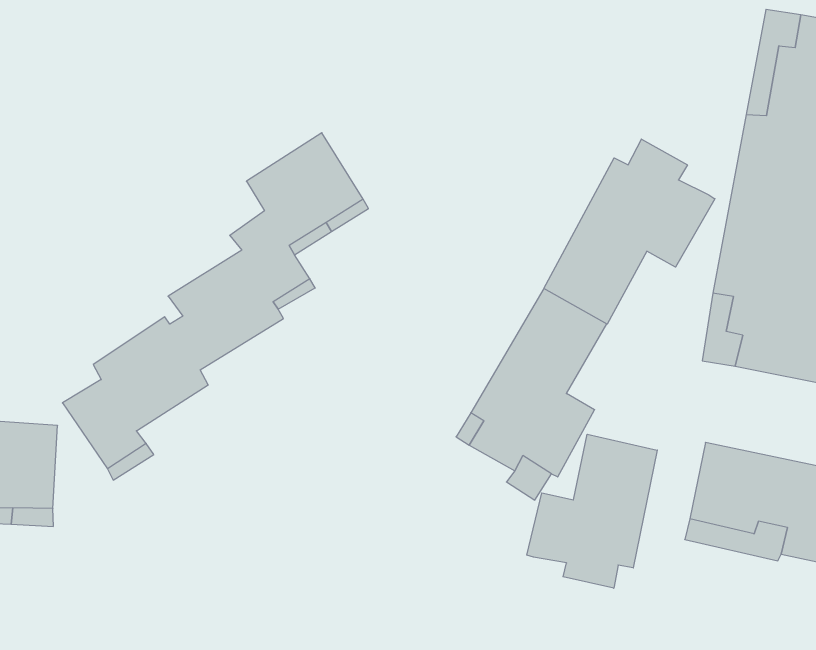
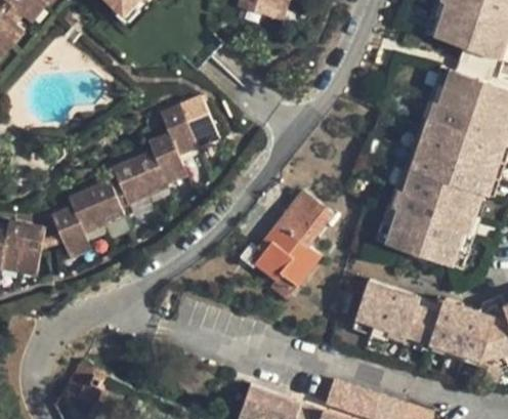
building: [544,139,715,324] -> none
building: [527,434,657,588] -> none

